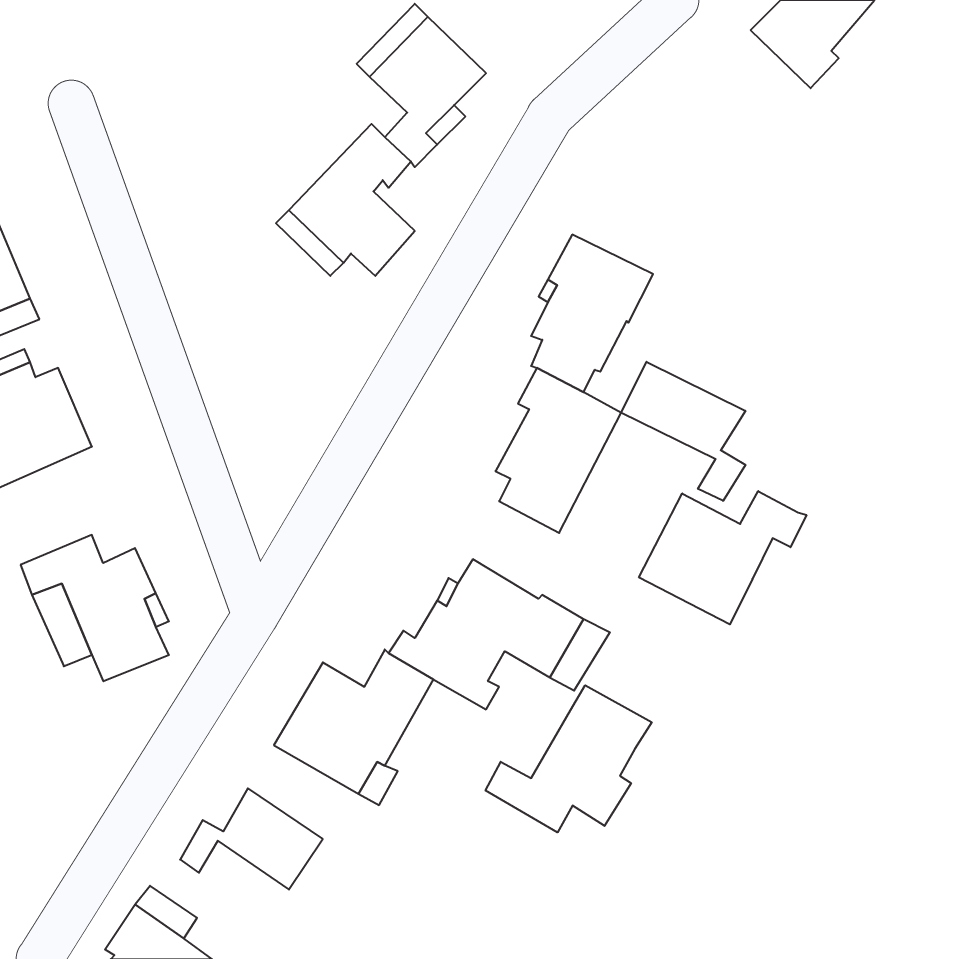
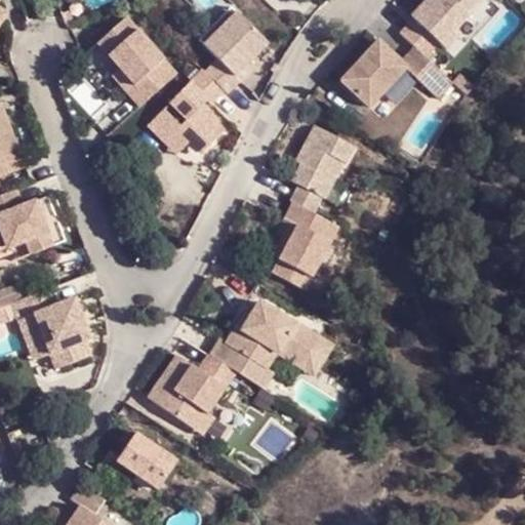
building: none -> [97,16,175,104]
building: none -> [341,38,455,102]
building: [621,362,745,501] -> none
building: [639,491,806,624] -> none
building: [486,685,652,832] -> none

